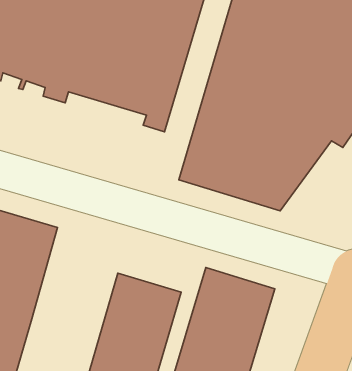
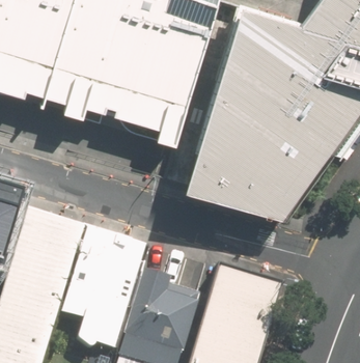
building: none -> [56,228,138,350]

